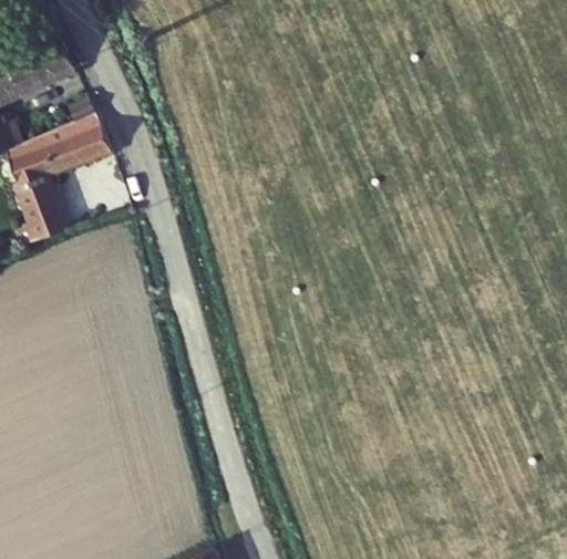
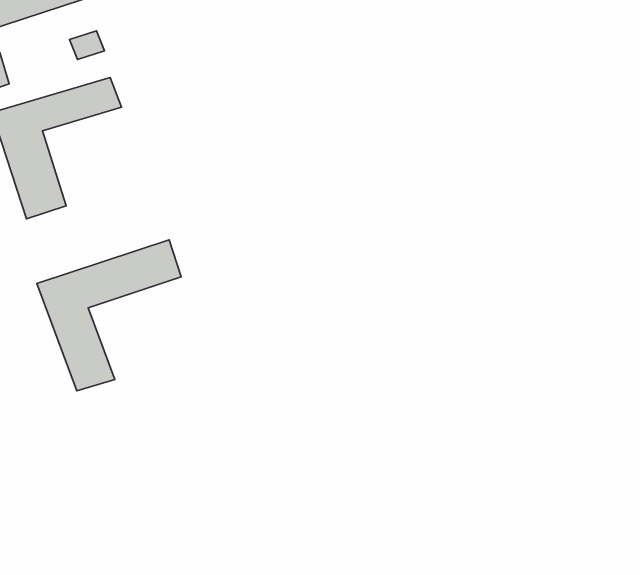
building: none -> [37,240,181,391]

